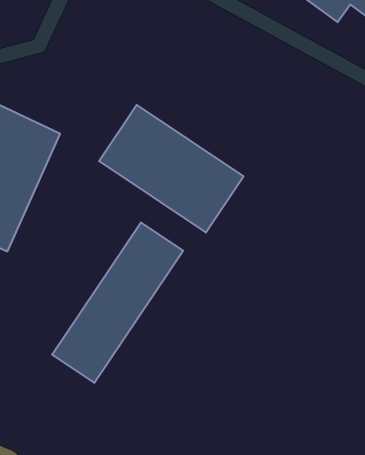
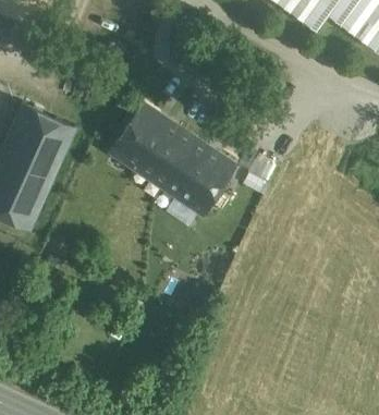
building: [52,222,183,383] -> none

